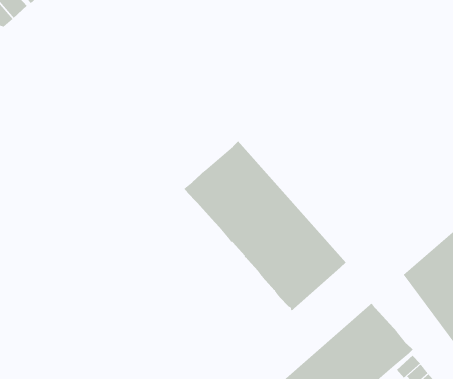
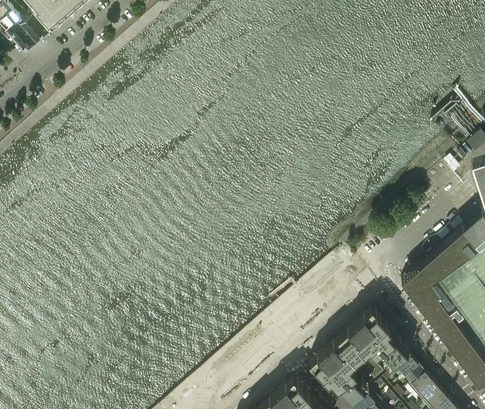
building: [184,141,346,311] -> none

